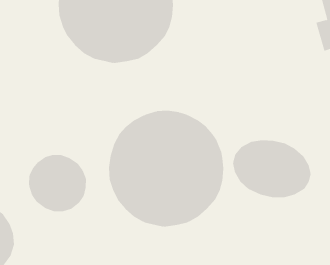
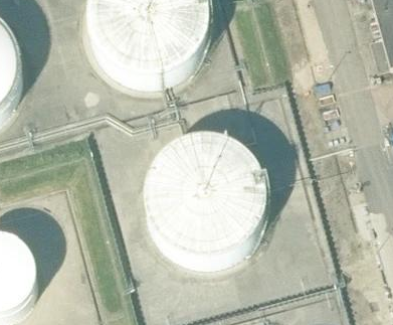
building: [233,139,311,198] -> none
building: [29,154,86,212] -> none

